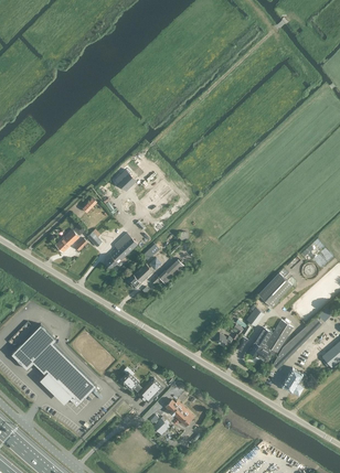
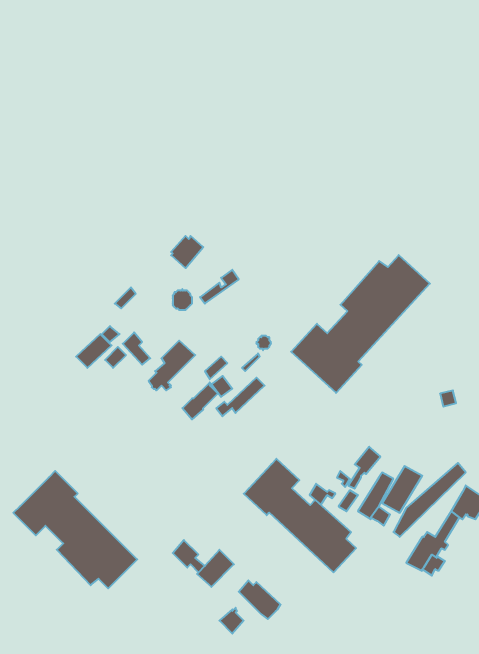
building: none -> [291,255,430,393]
building: [256,272,290,307] -> none
building: none -> [244,459,356,572]

